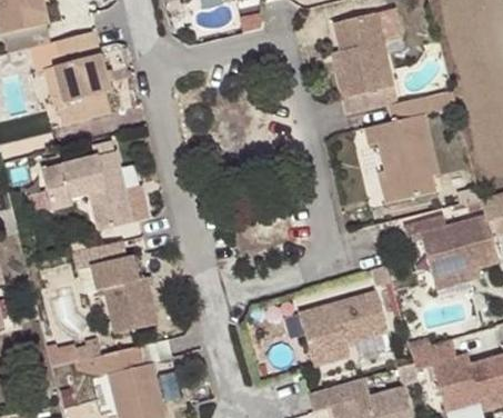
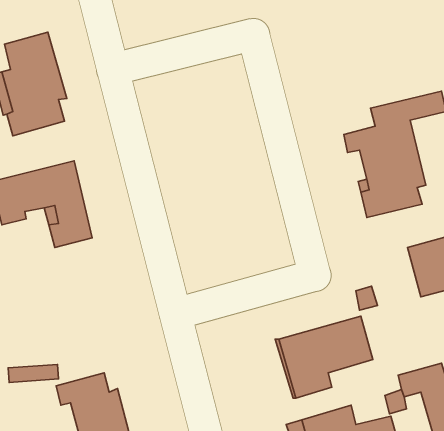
building: [333,10,392,113] -> none
building: [69,242,157,335] -> none

